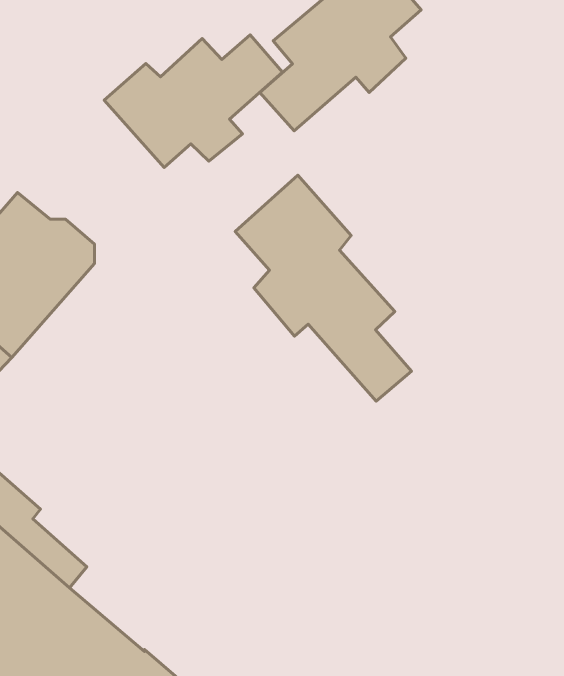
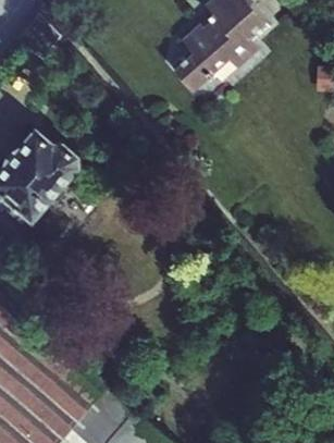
building: [104,35,283,167] -> none
building: [235,175,412,401] -> none

